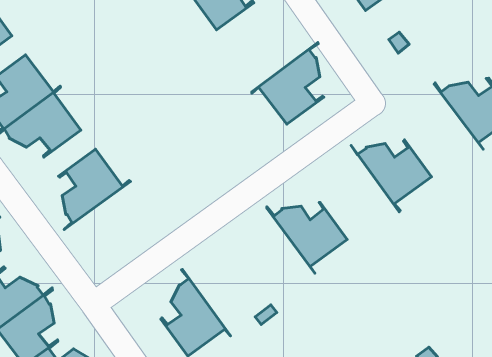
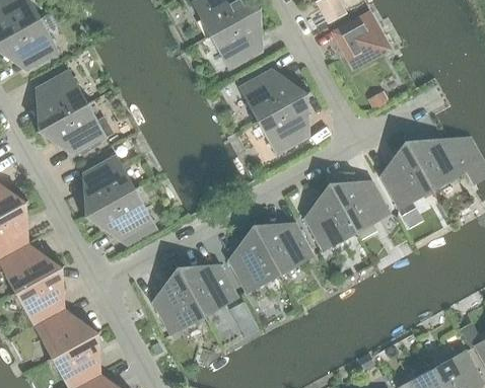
building: none -> [238,69,310,125]
building: none -> [379,138,435,210]
building: none -> [303,179,359,251]
building: none -> [81,185,153,241]
building: none -> [227,222,283,294]
building: none -> [175,263,237,323]

